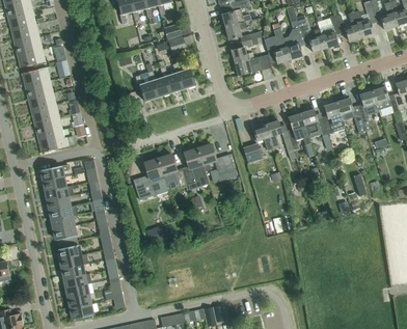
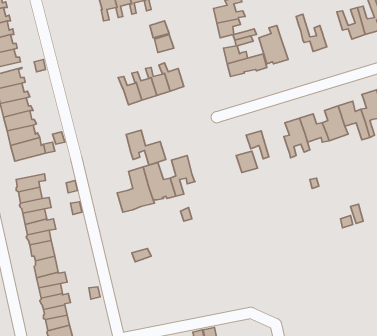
building: [318,16,341,48] -> none
building: [283,20,304,59] -> none
building: [266,120,296,160] -> none
building: [198,143,235,175] -> [126,130,166,165]

